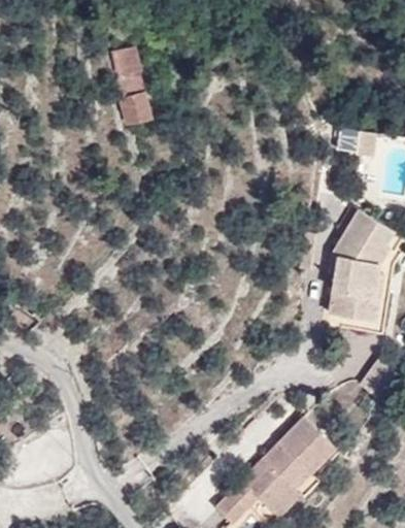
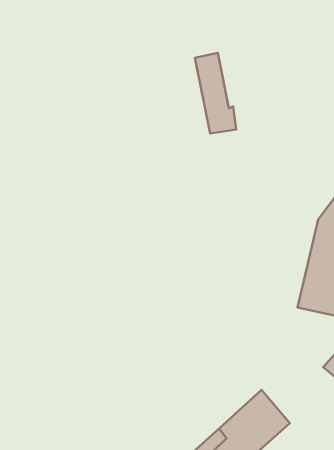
building: [106,48,154,130] -> [195,53,236,133]

